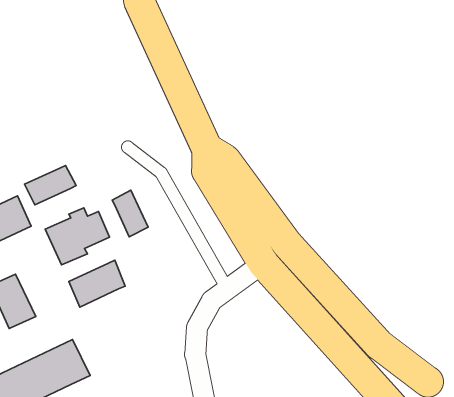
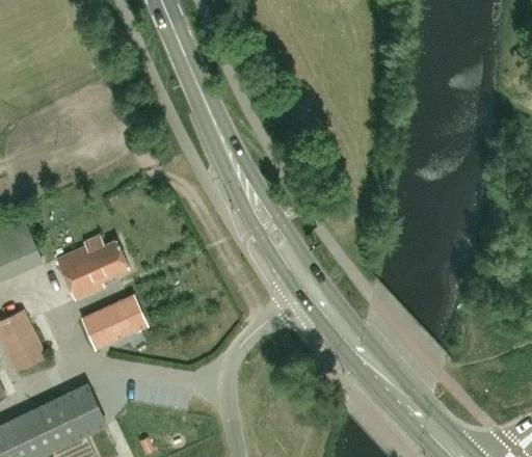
building: [25,165,76,205] -> none
building: [112,190,148,237] -> none

